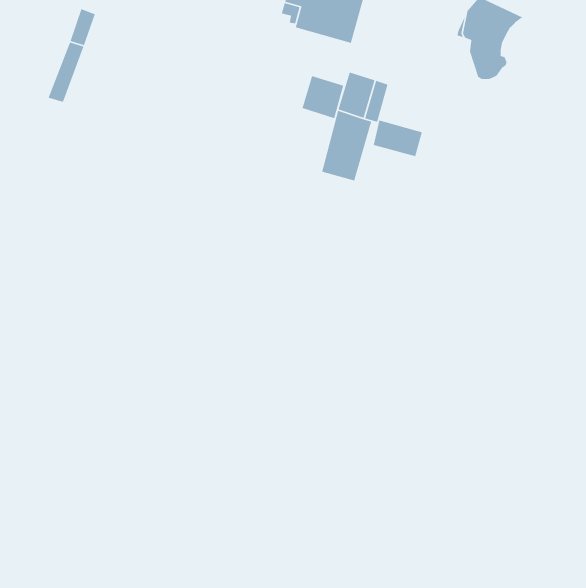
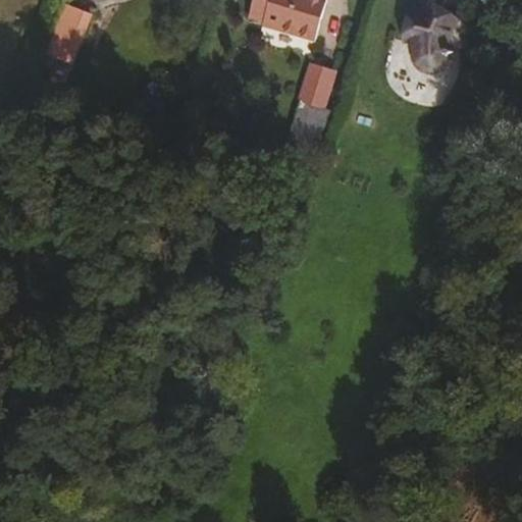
building: [301,75,344,119] -> none
building: [373,119,423,157] -> none

